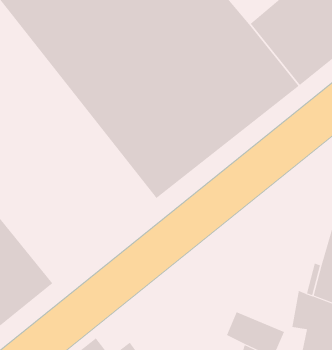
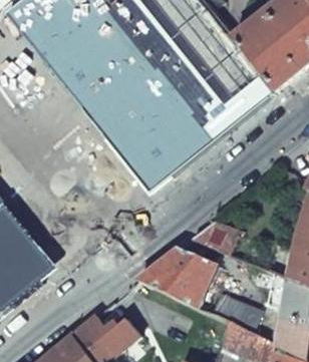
building: none -> [188,221,237,254]
building: none -> [136,247,216,307]

